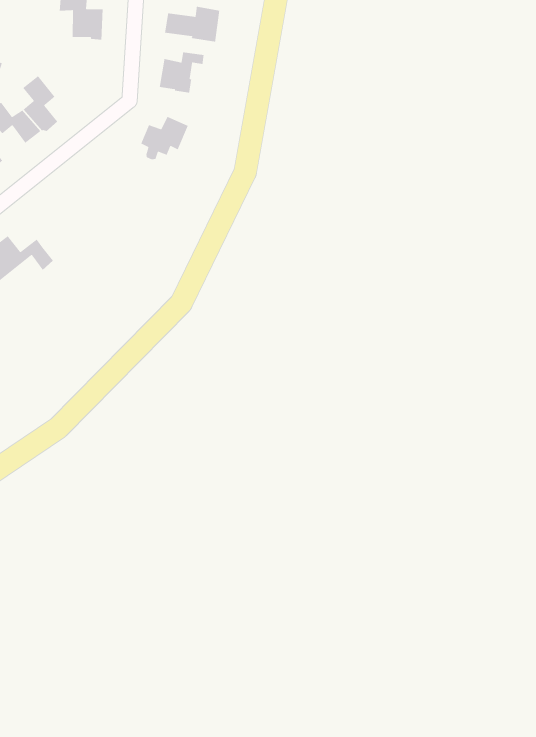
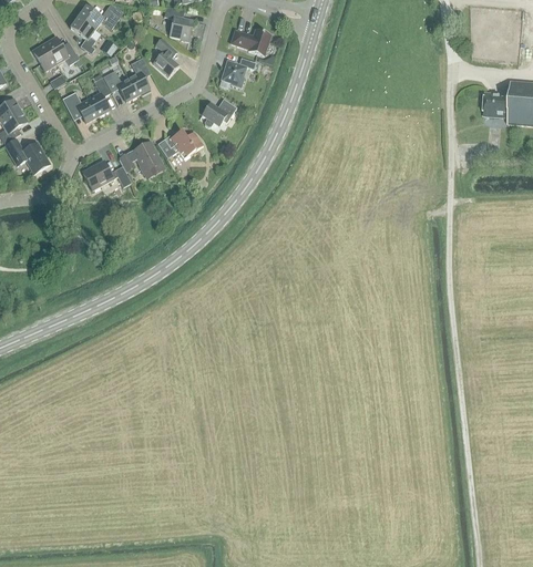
building: none -> [153,38,177,75]
building: none -> [157,130,203,158]
building: none -> [120,142,162,174]

